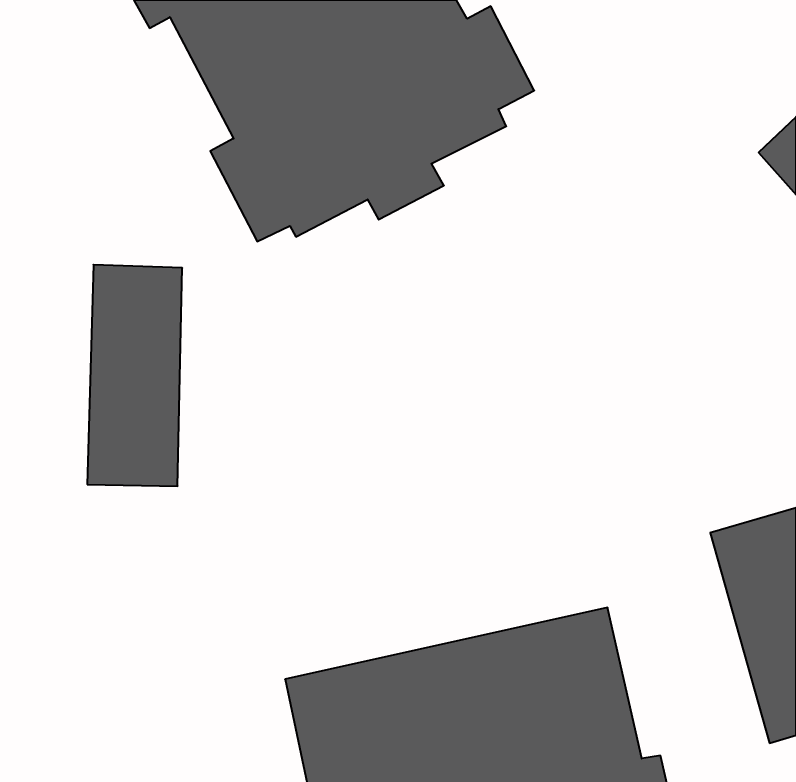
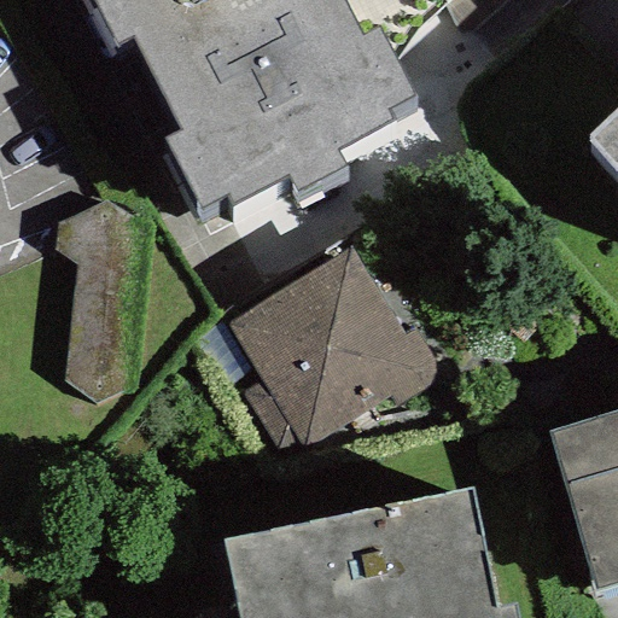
building: none -> [225,253,445,471]

